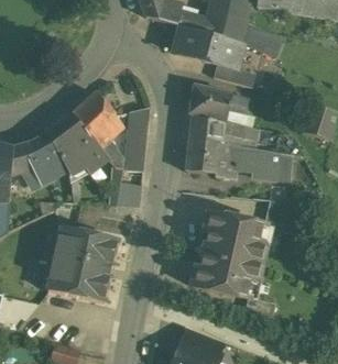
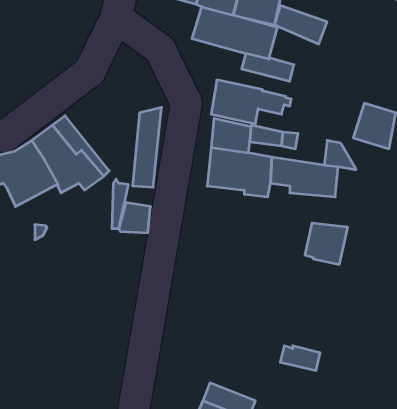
building: [72,91,119,143] -> none
building: [190,212,265,296] -> none
building: [47,225,117,301] -> none

